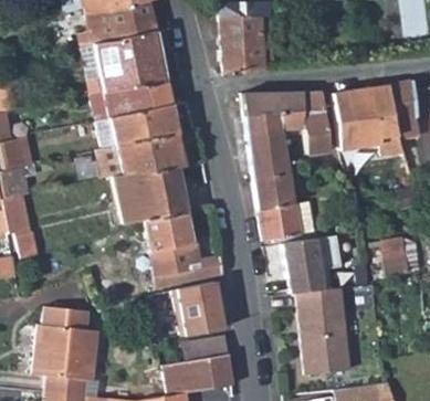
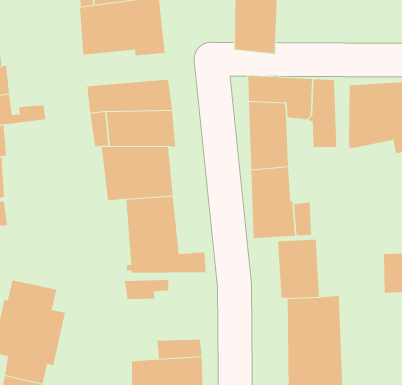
building: [88,83,169,120] -> none
building: [159,300,219,337] -> none

